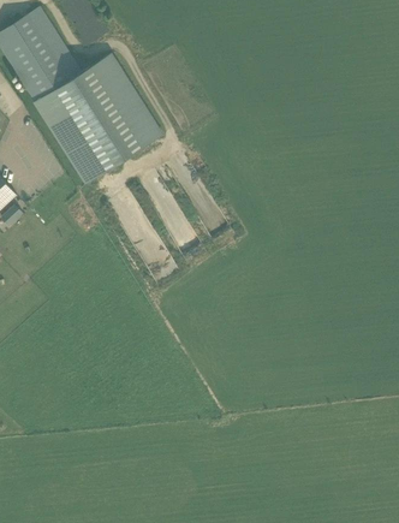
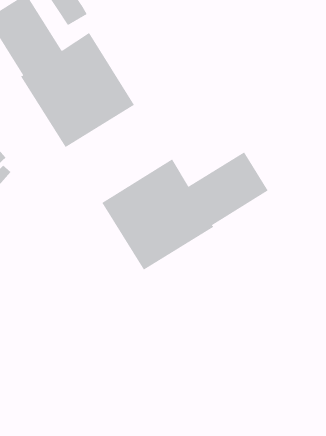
building: none -> [101,152,269,270]

